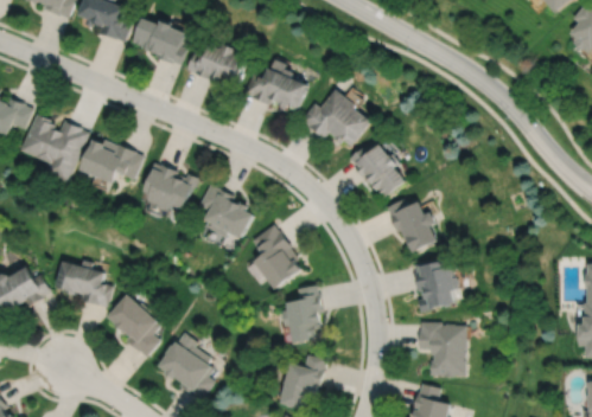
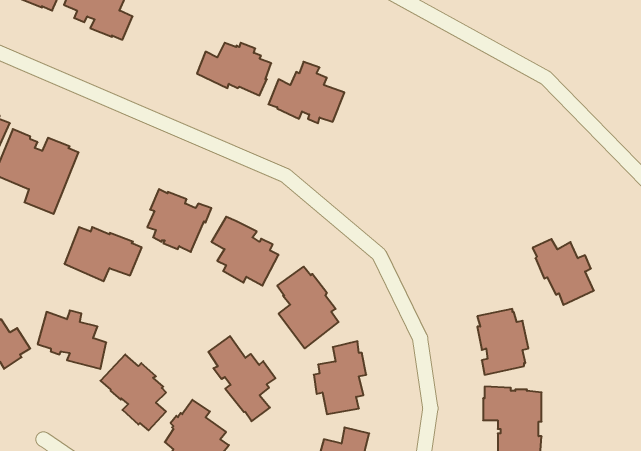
building: [133,17,186,64] -> none
building: [300,89,369,147] -> none
building: [82,140,145,184] -> [64,227,142,281]
building: [349,145,403,198] -> none
building: [387,200,437,254] -> [533,239,594,305]
building: none -> [208,336,275,421]

